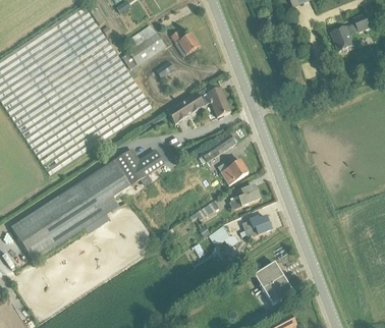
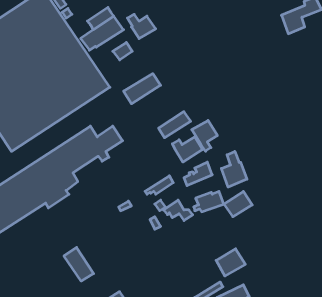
building: [198,81,230,117] -> none
building: none -> [192,120,217,151]
building: none -> [221,151,247,187]
building: [254,262,283,288] -> [224,191,252,217]
building: none -> [64,247,94,281]

